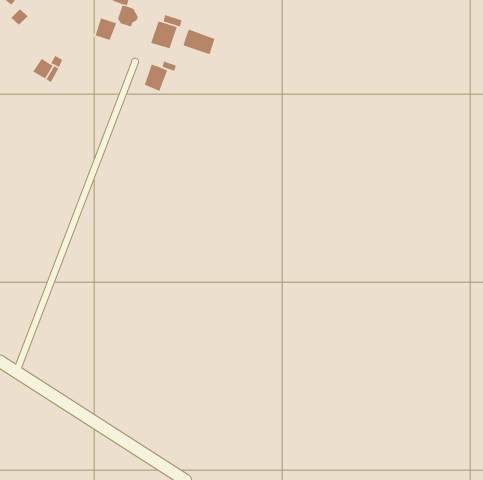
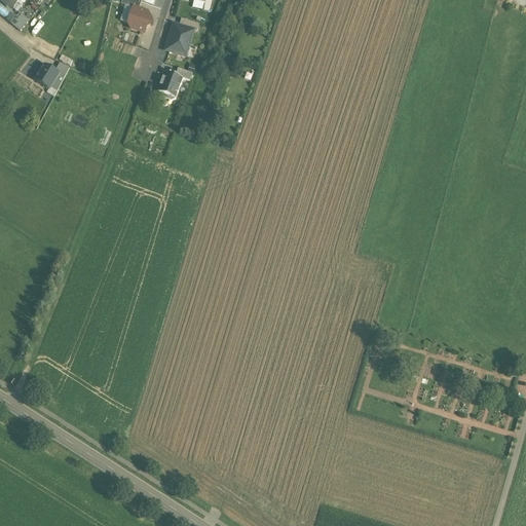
building: [94,17,117,41] -> none
building: [182,28,215,55] -> none

